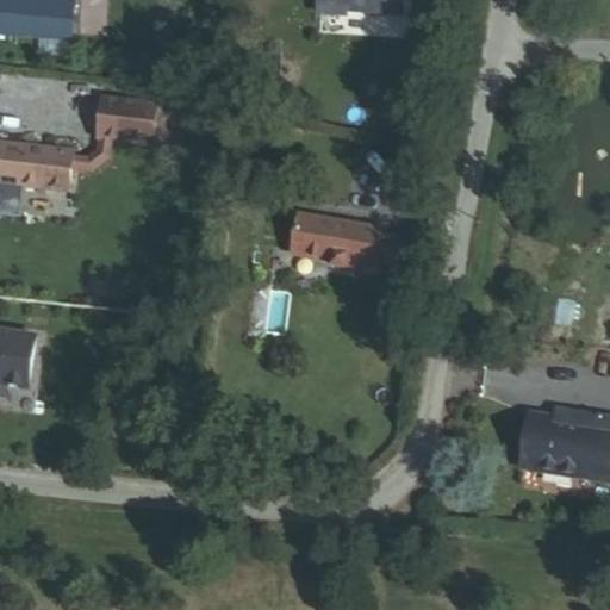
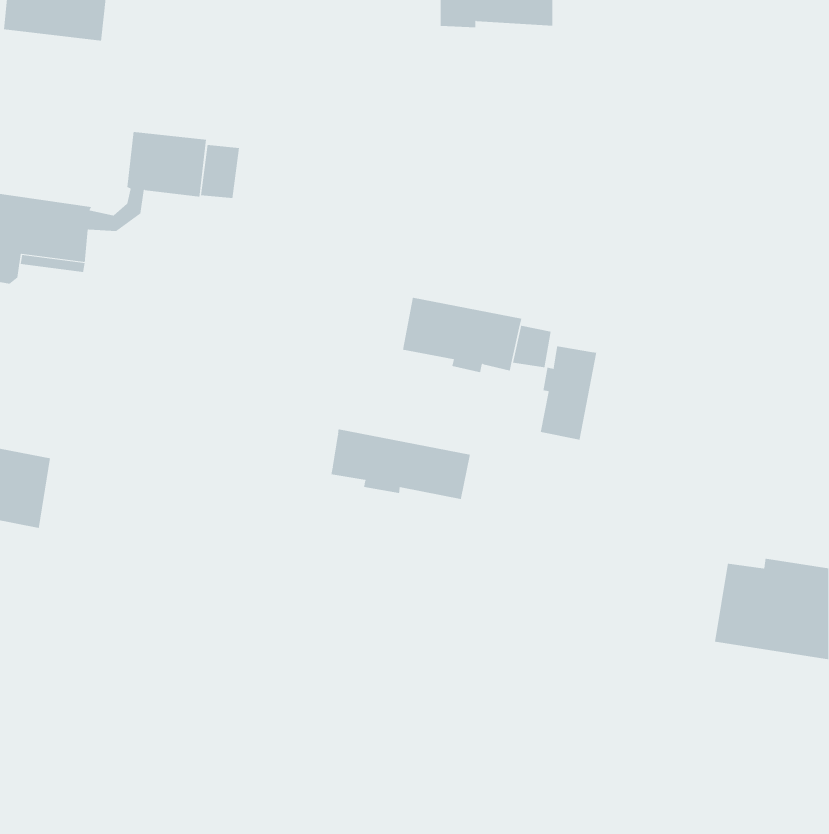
building: none -> [540,345,597,441]
building: none -> [331,429,471,500]

